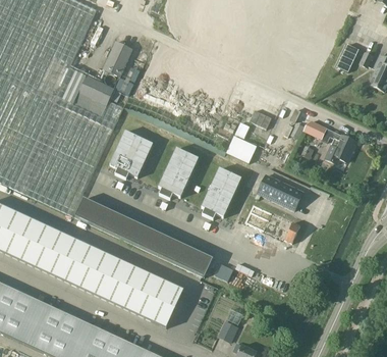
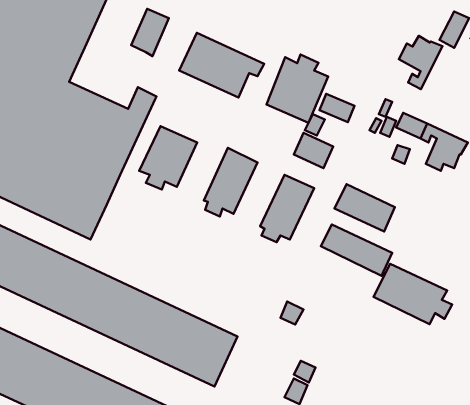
building: none -> [399,36,442,89]
building: [56,67,120,116] -> [179,33,264,98]
building: none -> [266,54,328,123]
building: [74,196,213,275] -> none
building: none -> [374,264,452,324]

